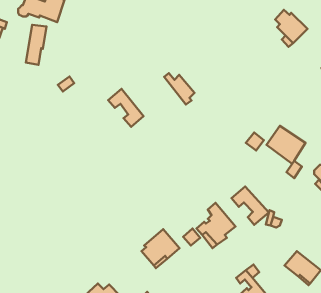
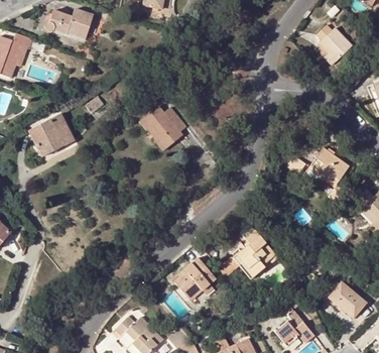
building: [26,25,46,65] -> none
building: [164,73,194,104] -> [154,105,186,138]
building: none -> [29,113,74,155]
building: [232,187,269,225] -> none

